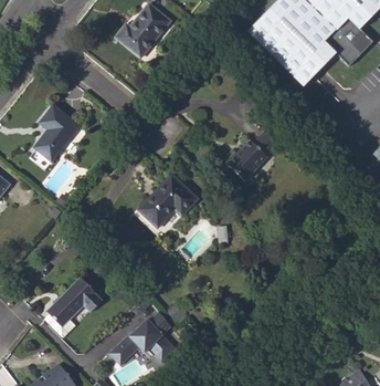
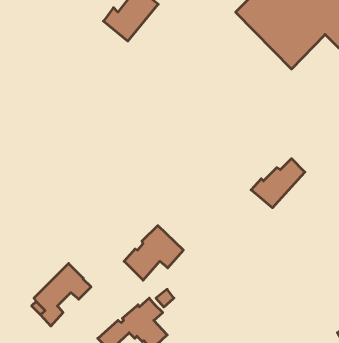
building: [33,106,77,161] -> none
building: [224,132,277,180] -> [251,159,305,208]
building: [138,175,197,229] -> [124,226,183,280]

